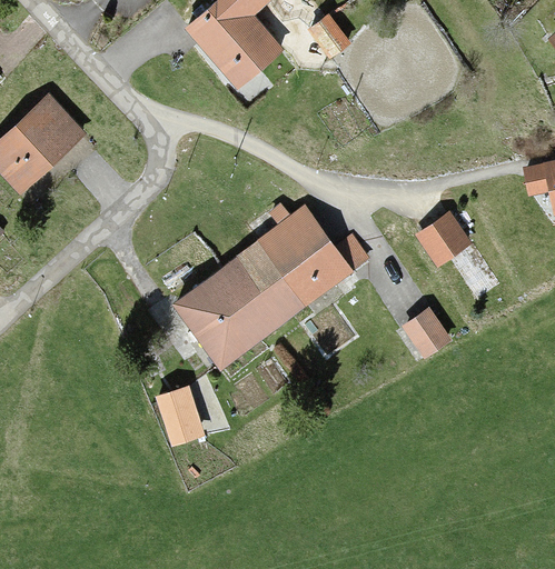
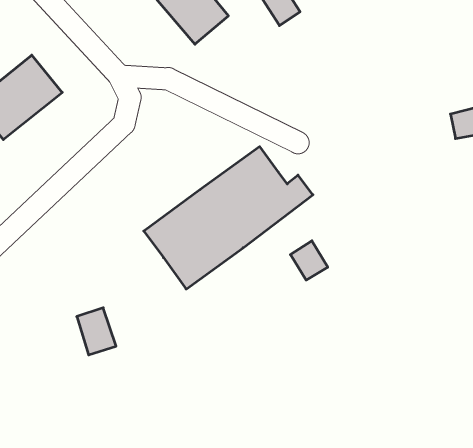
building: [418,209,476,266] -> none
building: [403,315,445,359] -> [290,241,328,280]
building: [159,392,204,446] -> [77,308,116,355]

